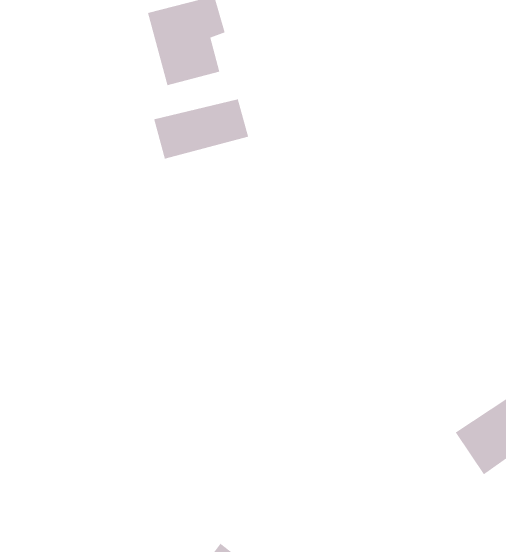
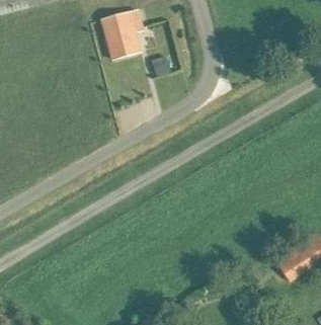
building: [154,98,249,160] -> none

